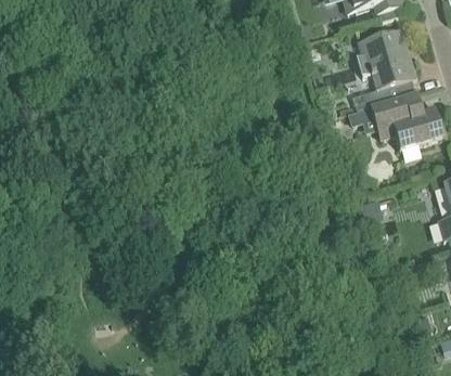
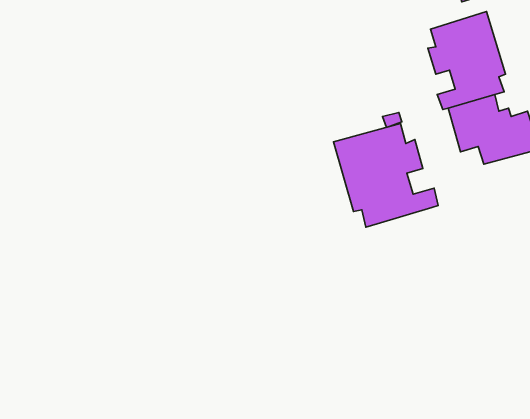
building: none -> [334,124,438,227]

